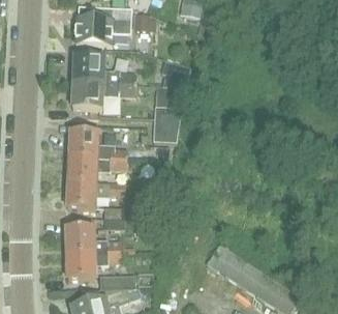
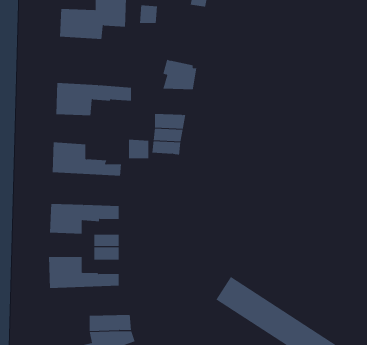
building: [73,56,137,84] -> none
building: [68,155,127,182] -> none
building: [67,251,126,279] -> none

